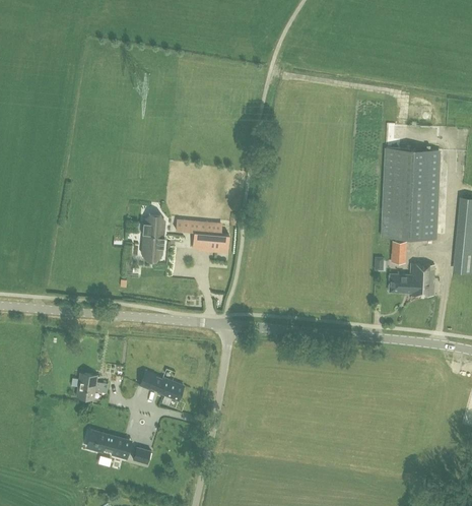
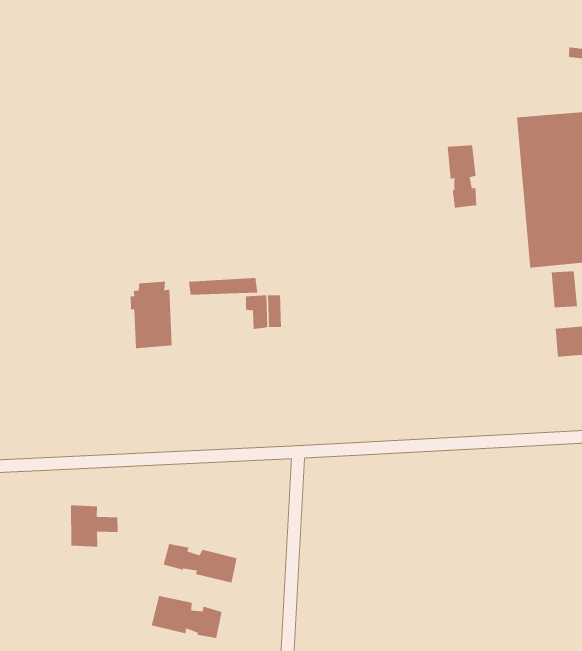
building: none -> [447,144,477,208]
building: [76,373,107,400] -> [70,505,119,547]
building: none -> [151,595,222,639]

